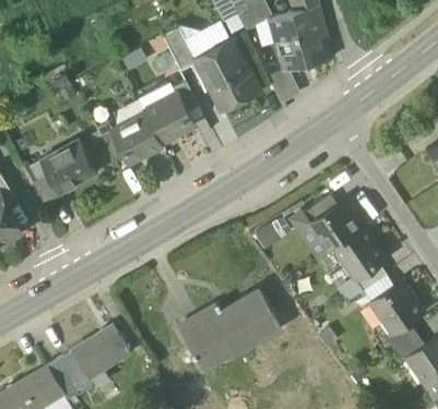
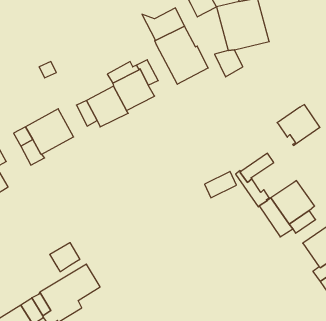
building: [163,26,197,71] -> none
building: [310,201,362,250] -> [277,105,320,145]
building: [182,289,281,370] -> none
building: none -> [50,243,80,272]

